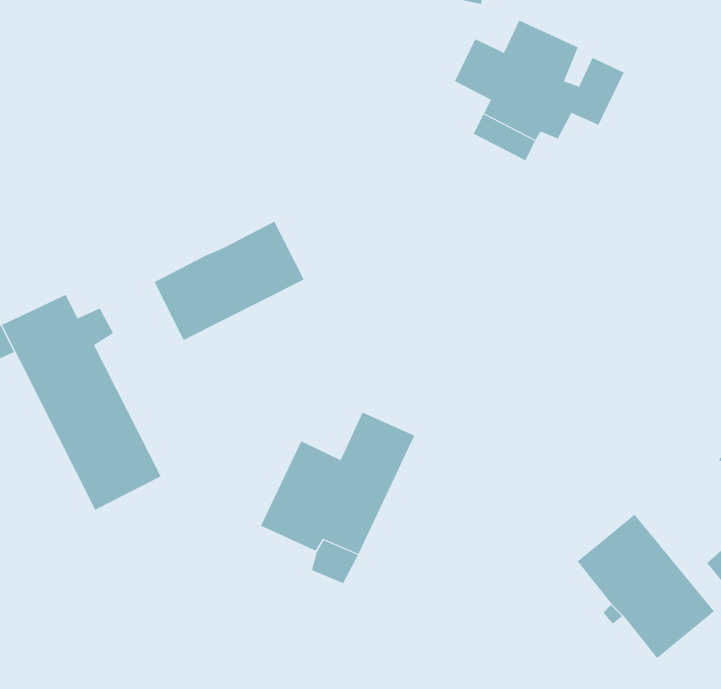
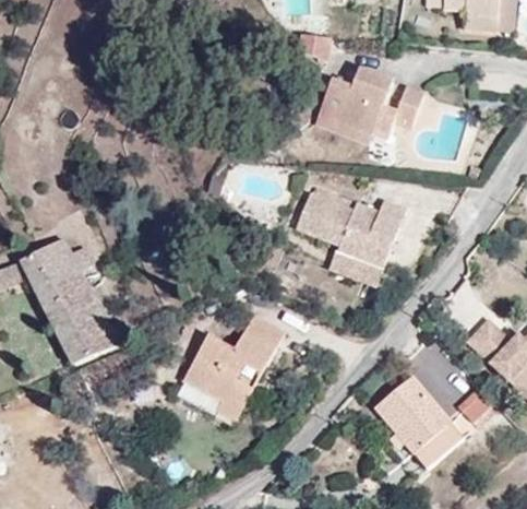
building: none -> [288,188,403,271]
building: [154,221,305,341] -> none

